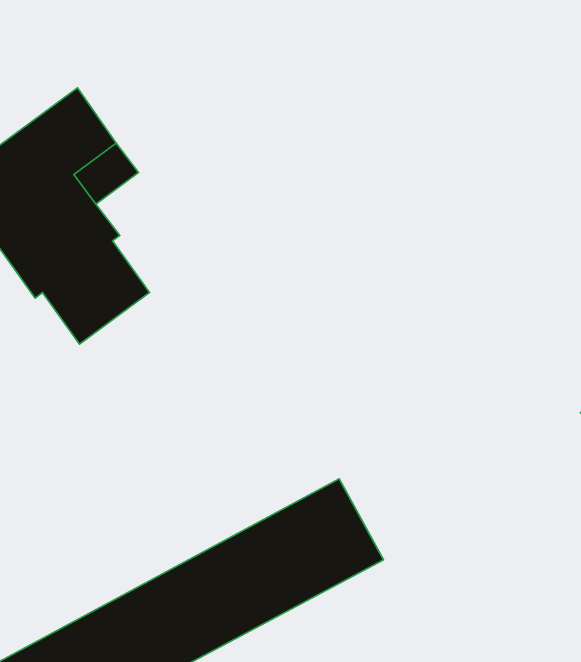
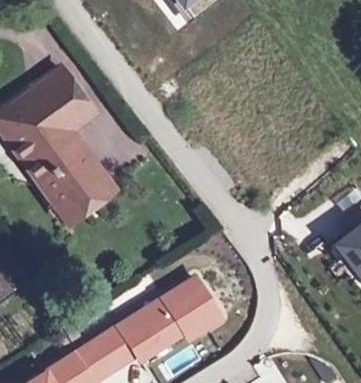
building: none -> [36,178,108,222]

